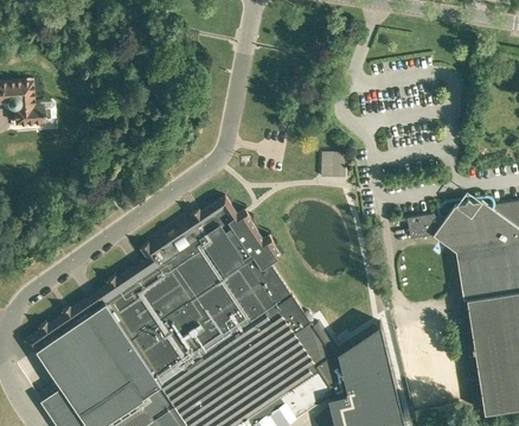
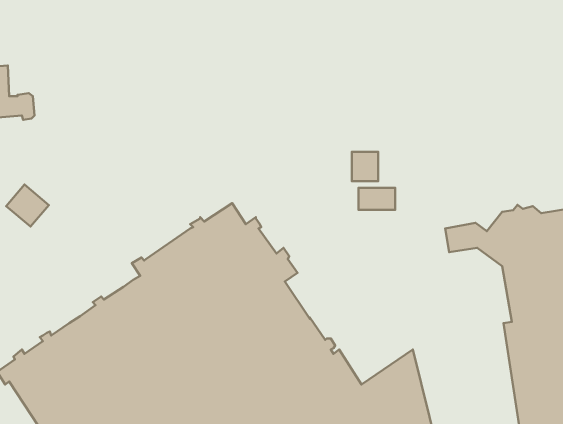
building: none -> [6,185,49,227]
building: none -> [358,188,395,210]

